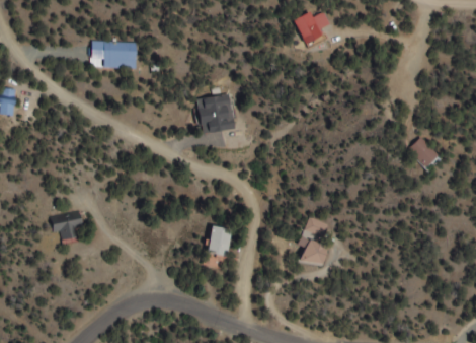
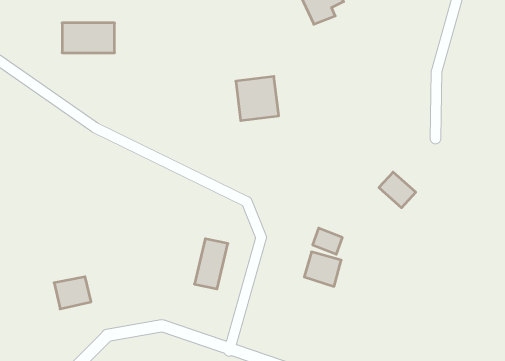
building: [197,94,234,132] -> [236,76,279,121]
building: [407,137,439,167] -> [379,172,416,208]
building: [52,211,83,238] -> [54,277,91,309]

